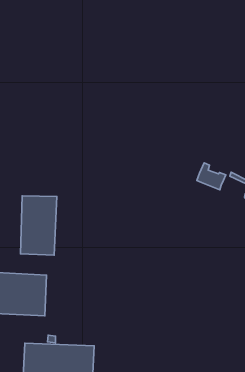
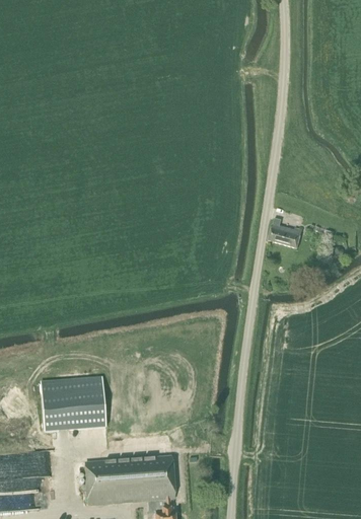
building: [20,196,57,255] -> none

